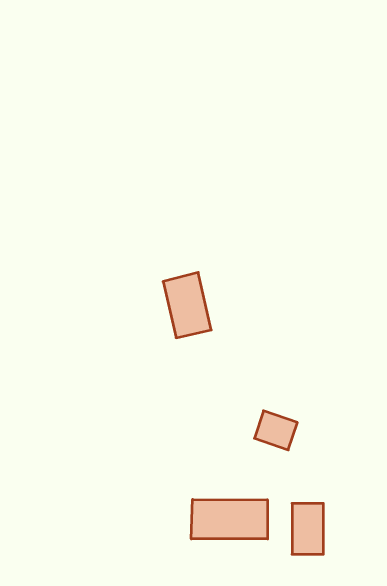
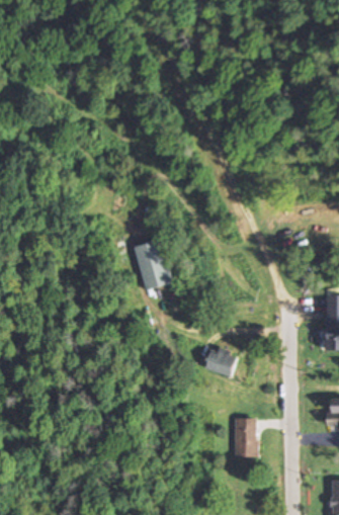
building: [191,499,268,539] -> none

